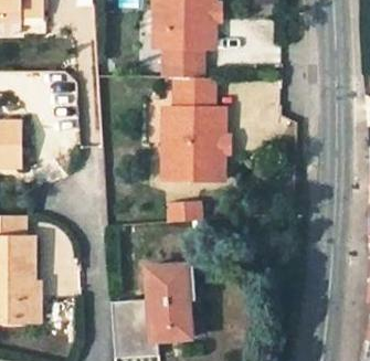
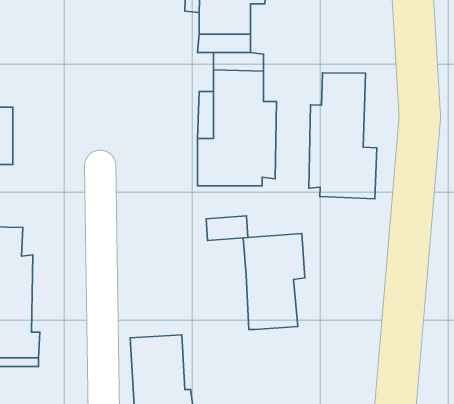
building: none -> [309,73,377,199]
building: [149,263,197,337] -> [243,234,305,330]

